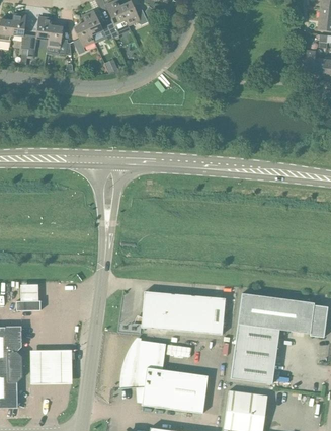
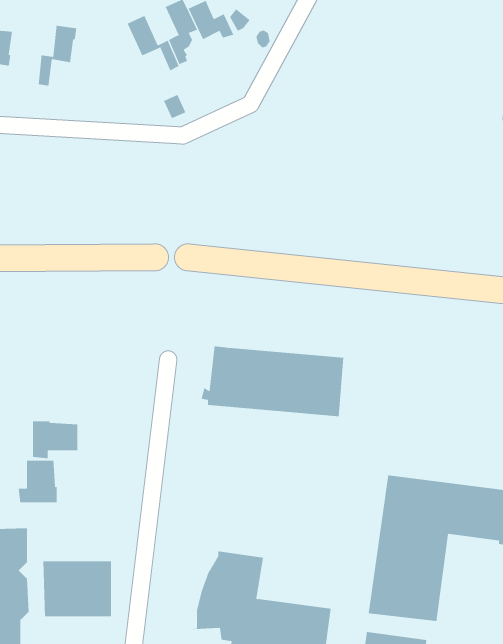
building: [10,13,29,55] -> none
building: [73,15,94,54] -> none
building: [47,25,68,54] -> none
building: none -> [33,421,78,459]
building: [136,291,225,335] -> [199,346,344,417]

